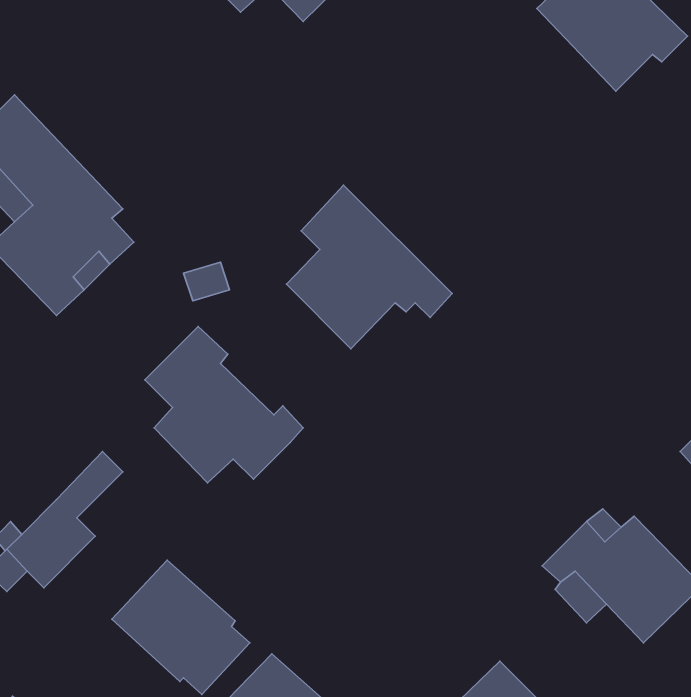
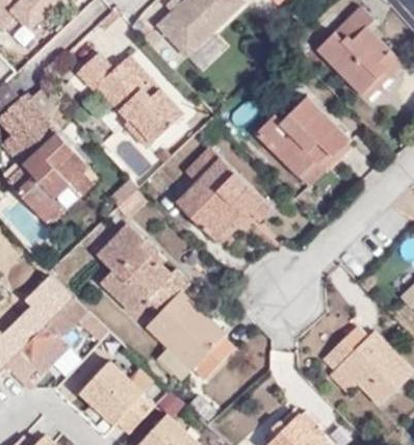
building: none -> [77,54,183,149]
building: none -> [254,97,350,177]
building: none -> [145,293,231,383]

